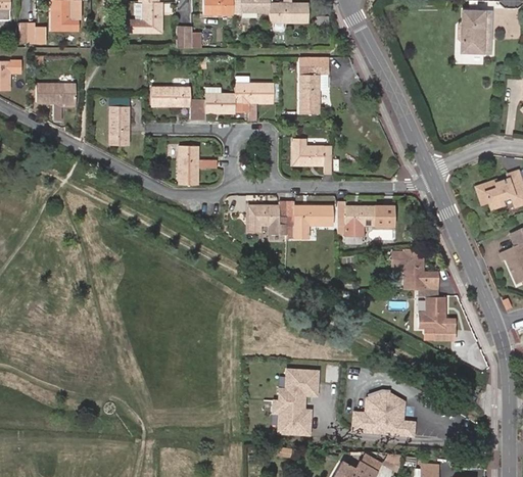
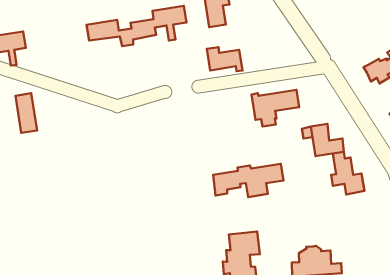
building: [109,99,129,145] -> [15,93,37,133]
building: [178,146,216,184] -> none
building: [246,201,331,239] -> [213,164,284,197]

